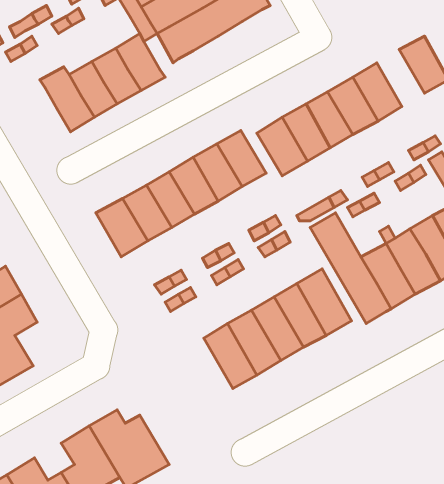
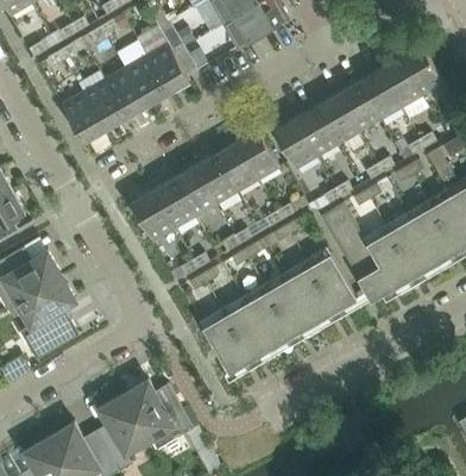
building: none -> [379,57,422,108]
building: none -> [61,92,106,143]
building: none -> [202,315,251,374]

